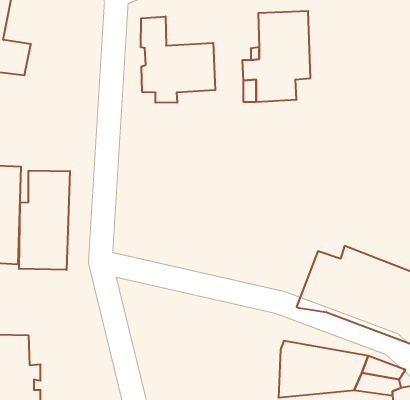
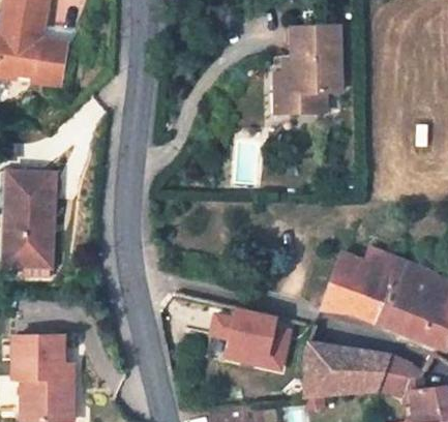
building: [141,16,215,103] -> none
building: [19,171,70,270] -> none
building: none -> [209,305,296,371]

